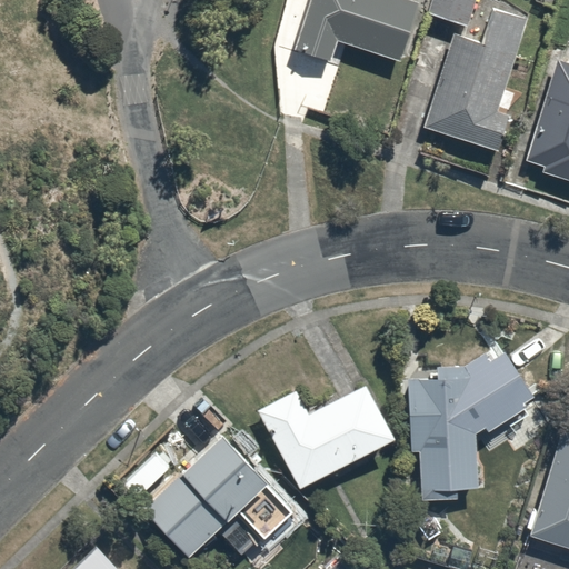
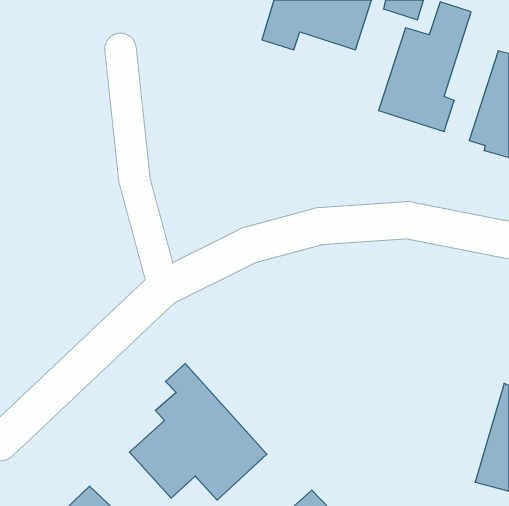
building: [409,347,531,501] -> none
building: [254,381,402,493] -> none

